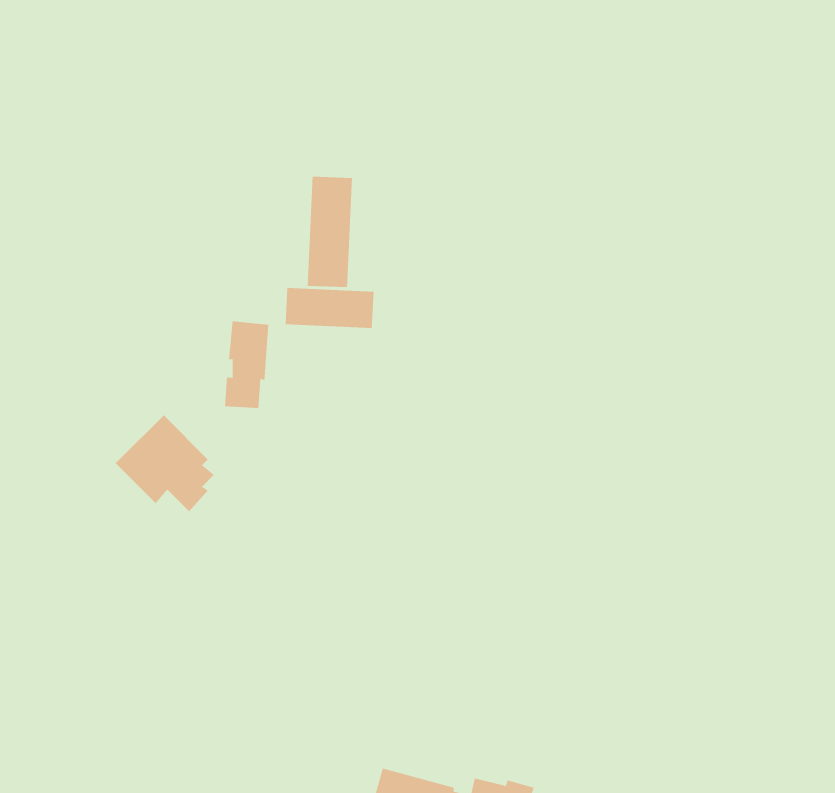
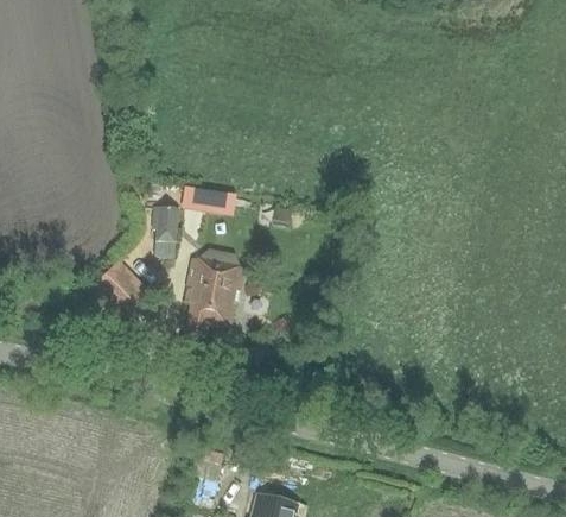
building: [307,176,352,288] -> none
building: none -> [185,260,243,338]

